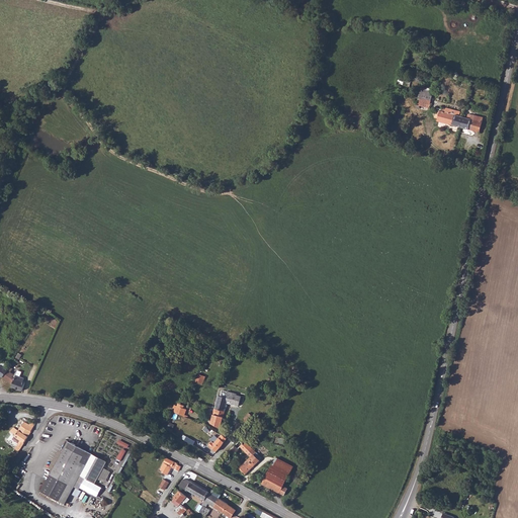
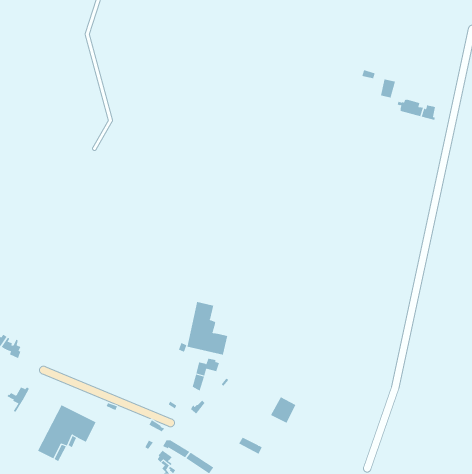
building: none -> [187,301,228,355]
building: [228,440,261,474] -> none
building: [264,456,292,486] -> [270,397,296,424]

